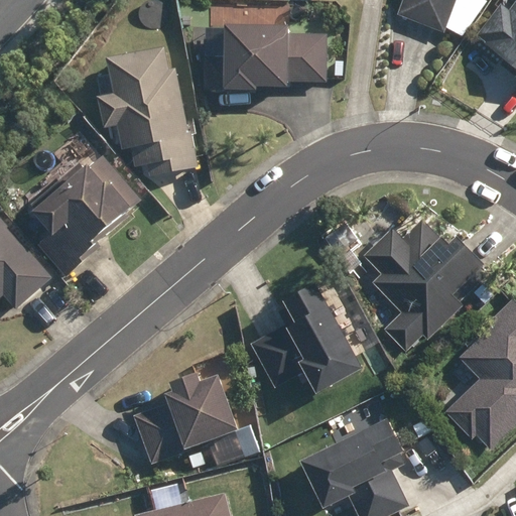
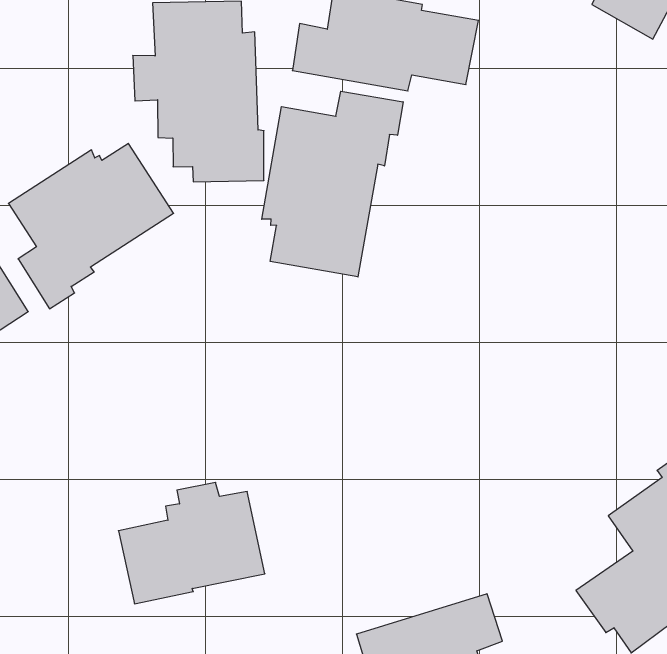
building: none -> [262,91,403,277]
building: [367,218,483,348] -> none
building: [252,285,361,392] -> none

